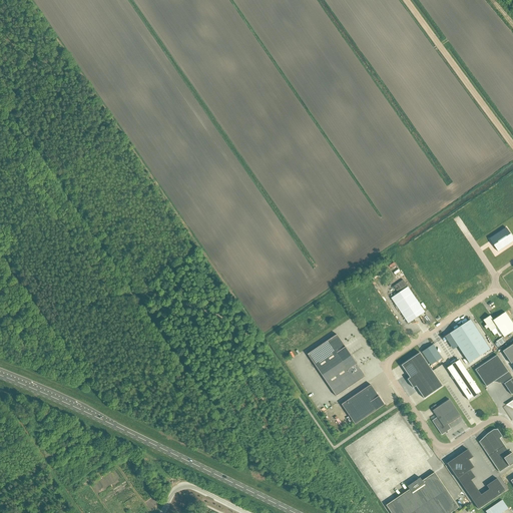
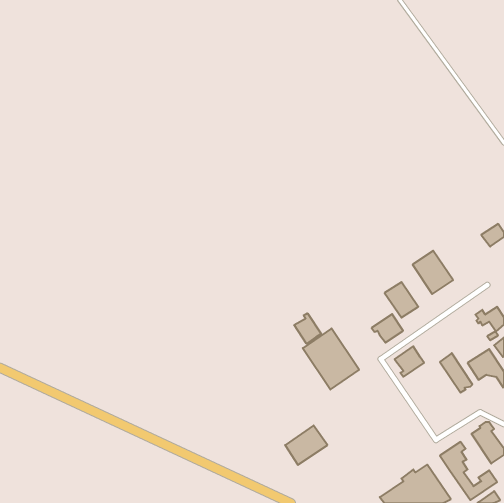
building: none -> [294,313,321,344]
building: [449,319,490,363] -> [413,251,453,294]
building: [410,369,442,398] -> [372,314,403,343]
building: [342,384,385,424] -> [285,425,327,465]
building: [432,399,460,434] -> none

